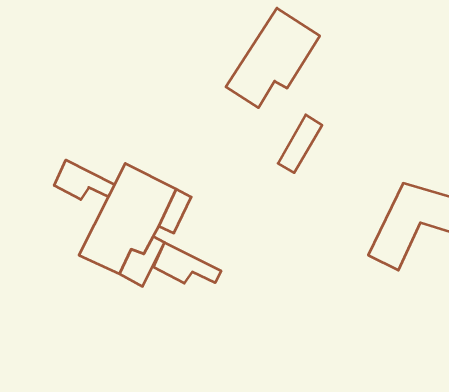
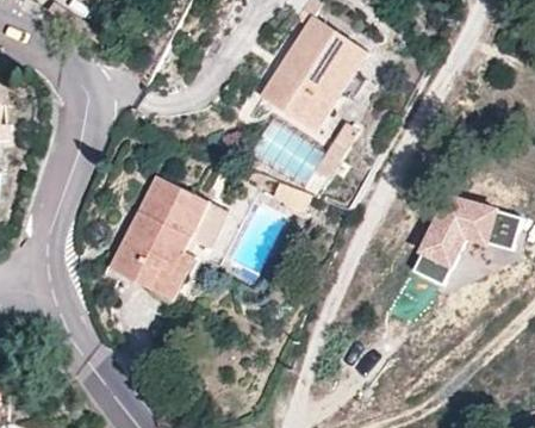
building: none -> [292,44,367,134]
building: [54,160,115,200] -> none
building: [154,242,221,283] -> none

